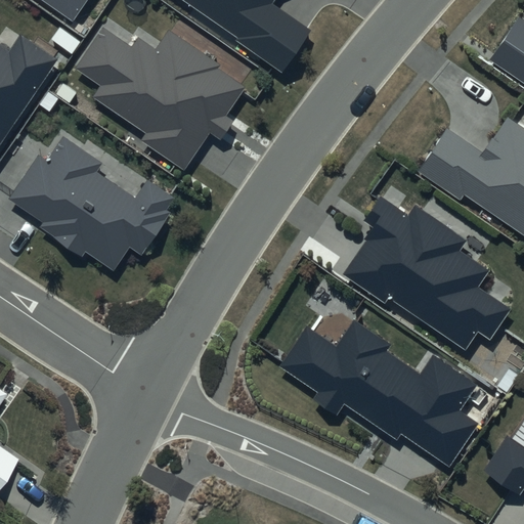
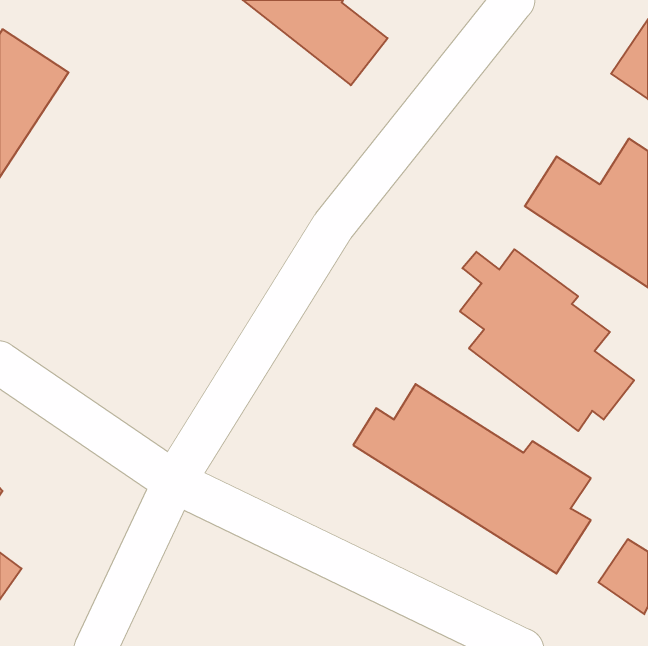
building: [69,26,252,168] -> none
building: [11,134,174,275] -> none

